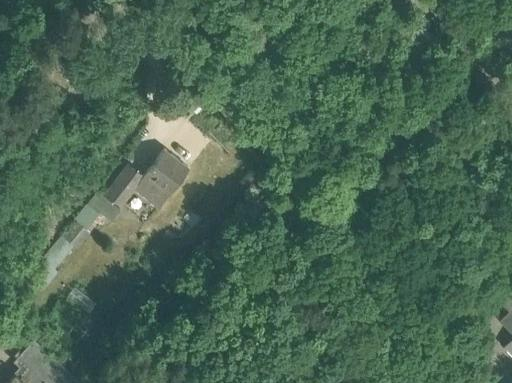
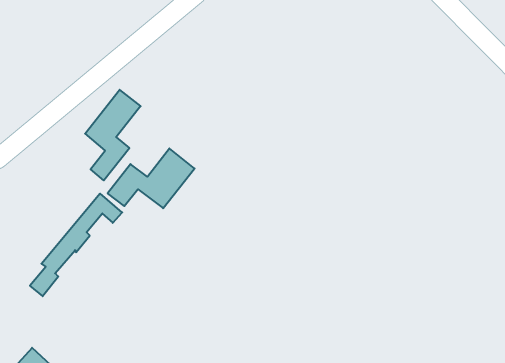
building: none -> [85,90,141,180]

